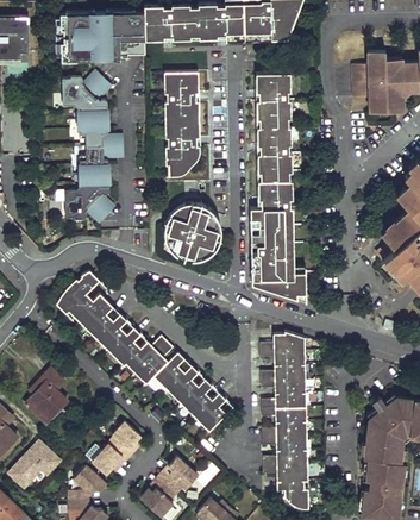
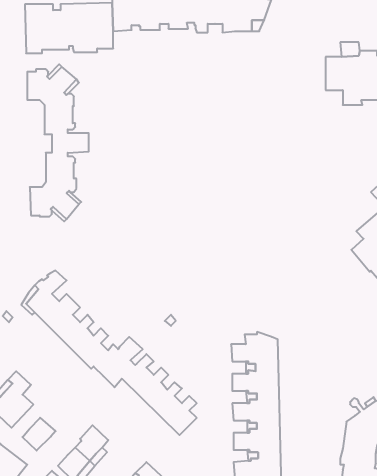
building: [164,73,200,177] -> none
building: [250,74,306,300] -> none
building: [164,205,220,261] -> none
building: none -> [22,418,56,451]

